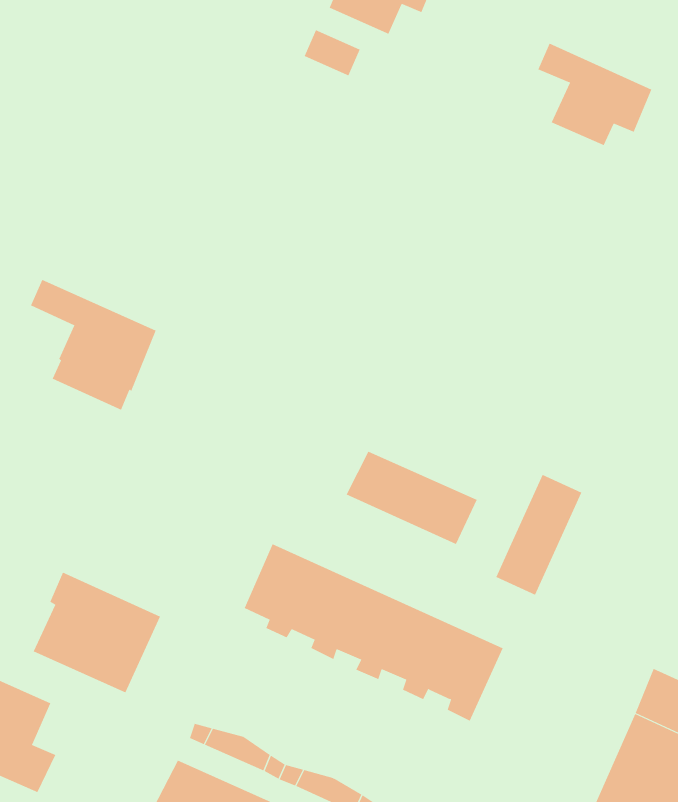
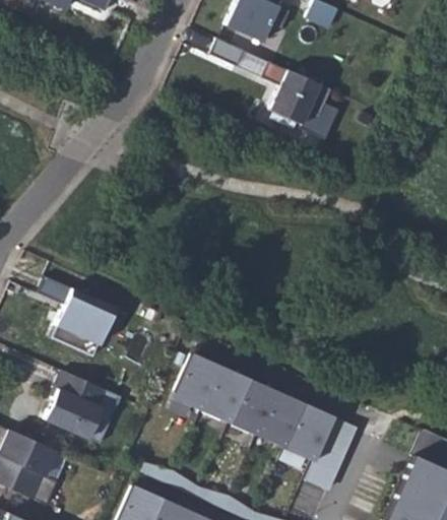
building: [538,43,652,146] -> [262,62,332,125]
building: [30,279,157,410] -> [39,276,116,356]
building: [346,451,477,545] -> none
building: [496,474,582,596] -> [304,416,357,491]

